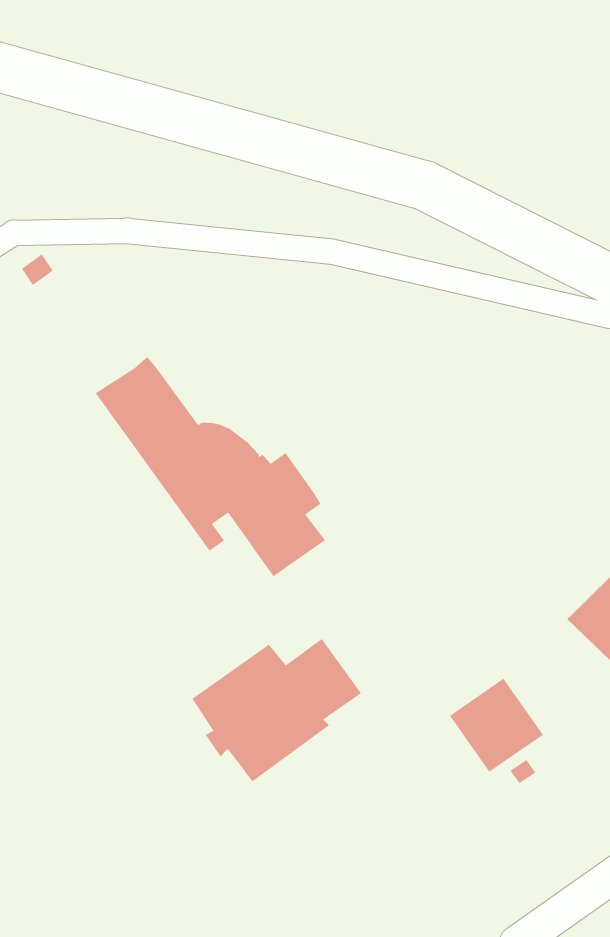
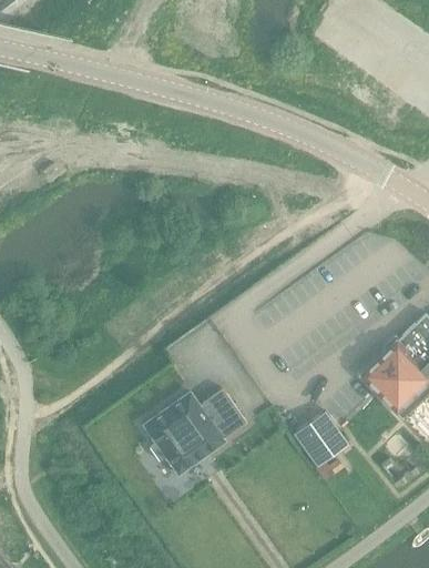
building: [95,356,326,577] -> none

